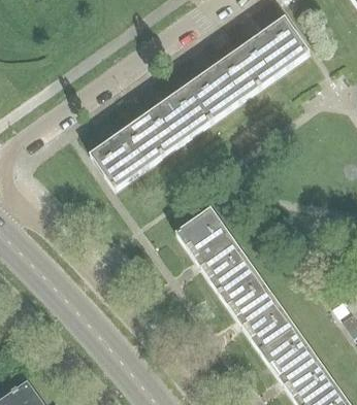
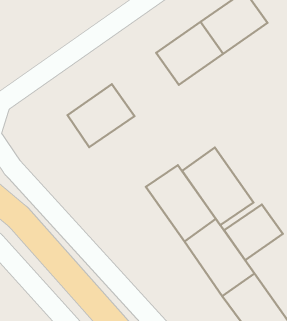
building: [138,86,212,155] -> none
building: none -> [182,147,254,225]
building: none -> [224,204,283,260]

